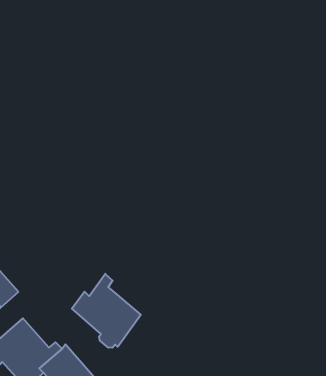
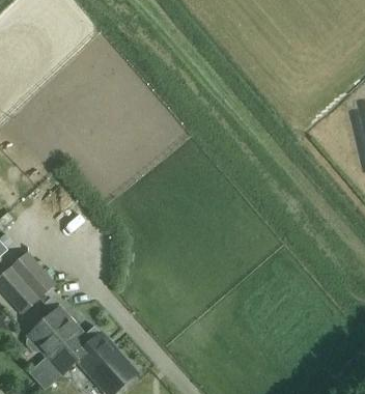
building: [72,274,141,348] -> none

